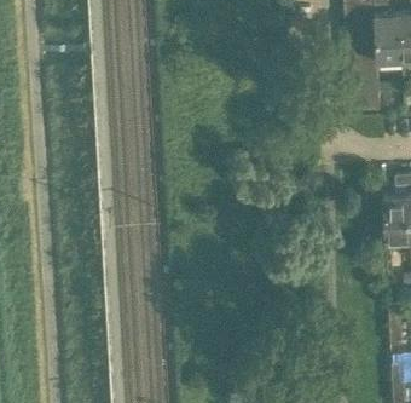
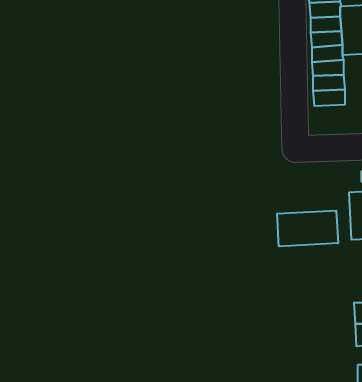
building: none -> [277,211,338,246]

